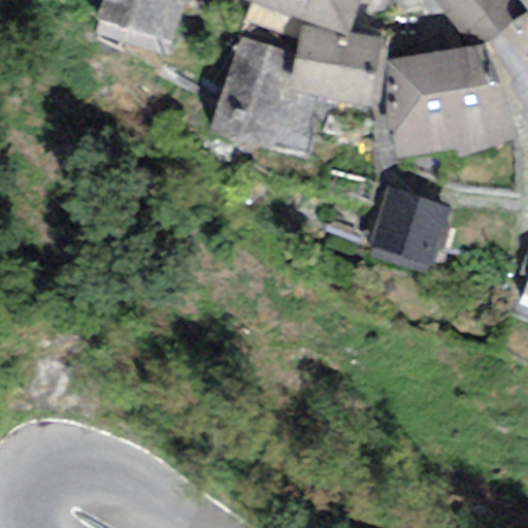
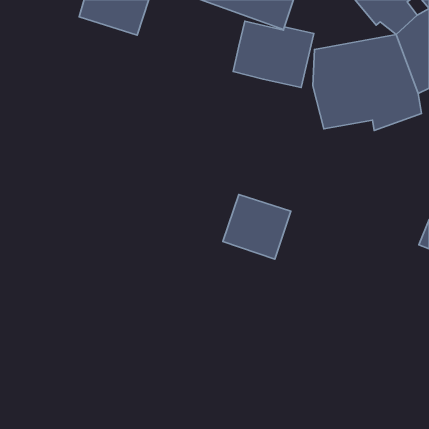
building: [209,36,323,156] -> none
building: [367,187,451,266] -> [223,194,291,259]

